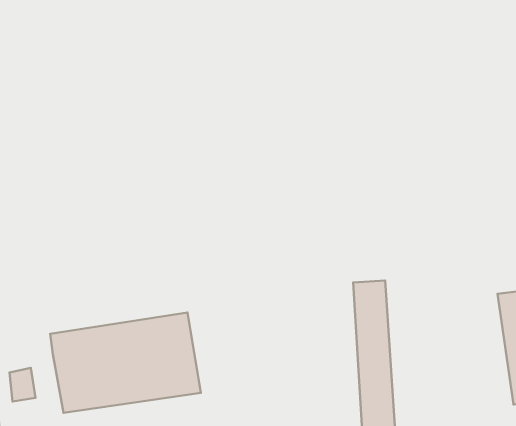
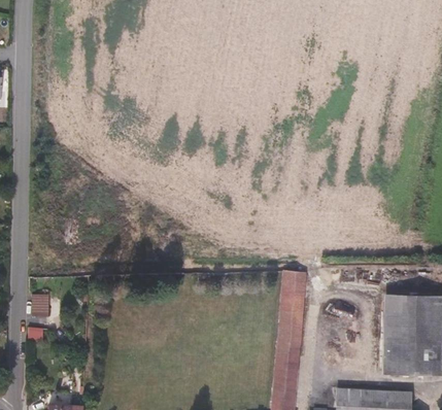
building: [50,313,201,413] -> none

